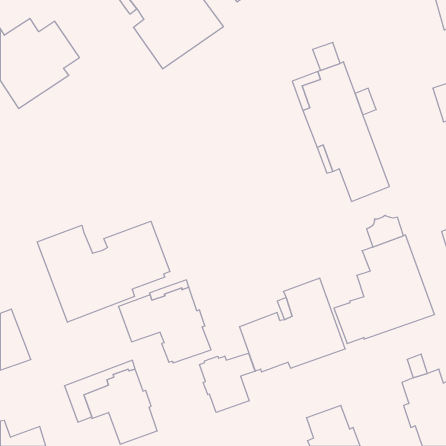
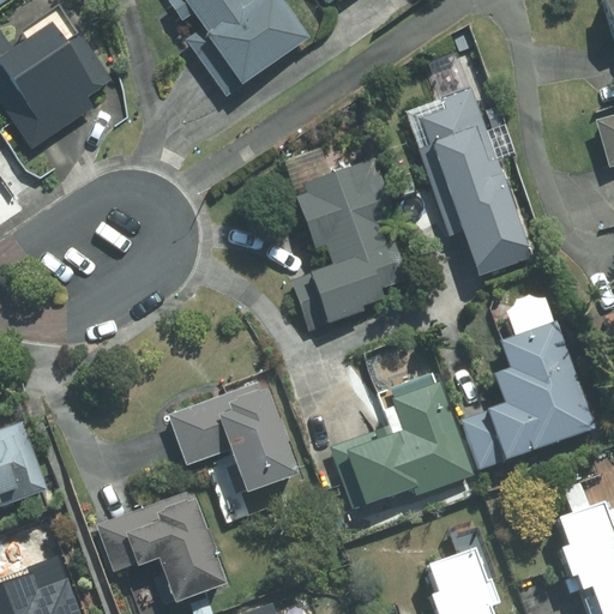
building: none -> [293,161,408,330]
building: [37,221,170,322] -> none
building: [200,353,255,412] -> none

